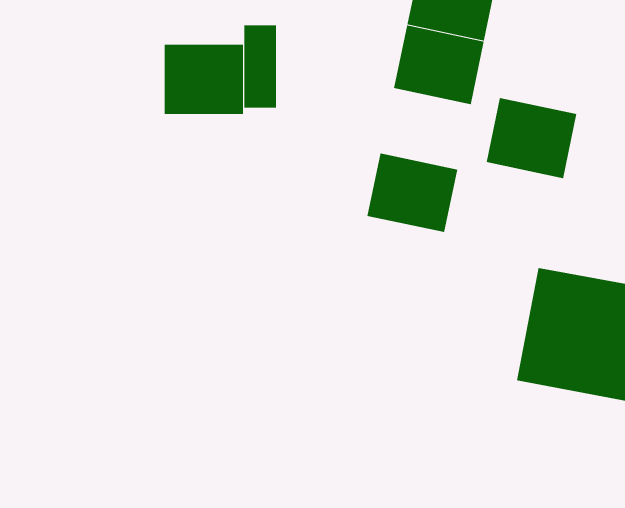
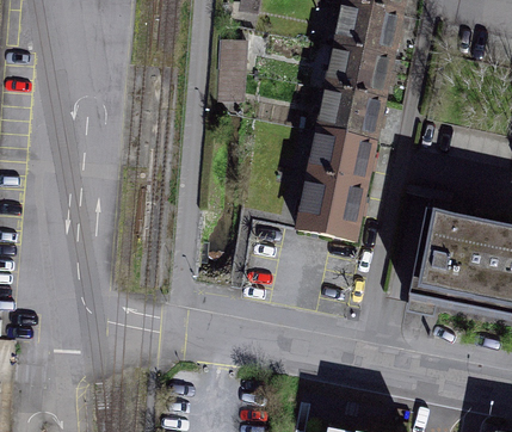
building: [164,44,244,115] -> none
building: [486,97,577,179] -> [320,86,385,144]
building: none -> [301,178,366,235]

